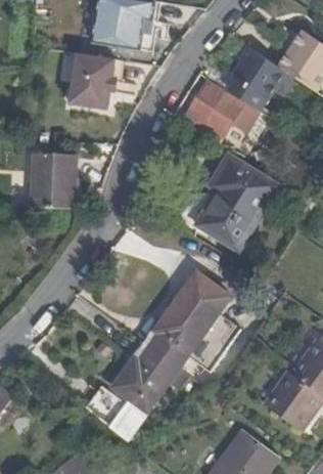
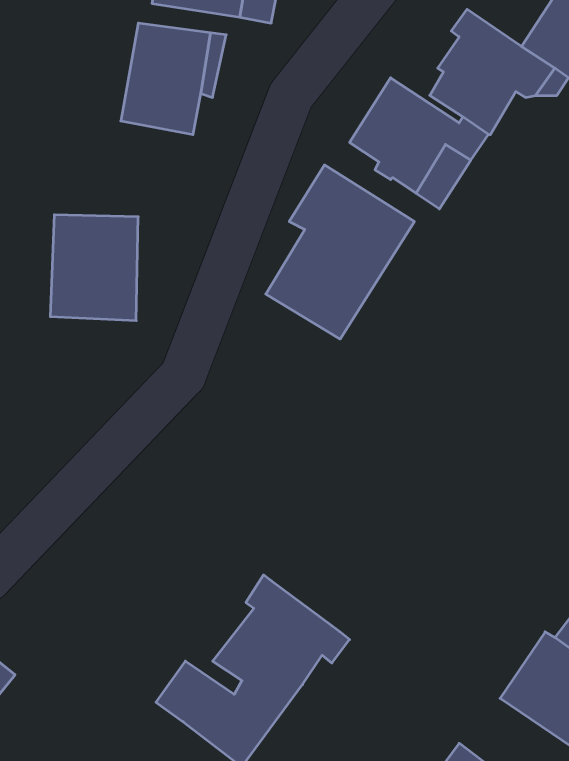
building: [197,157,275,248] -> [266,165,414,339]
building: [144,275,236,370] -> none

